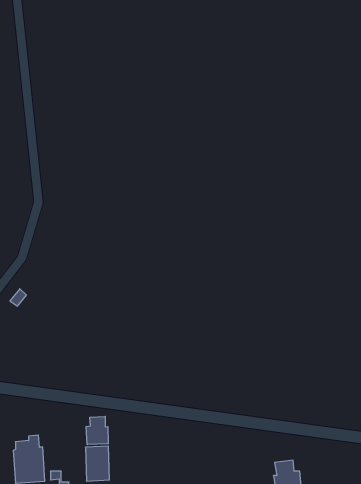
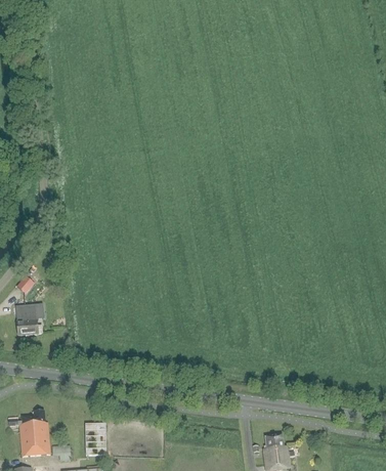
building: none -> [15,304,42,336]
building: [86,416,108,445] -> none

